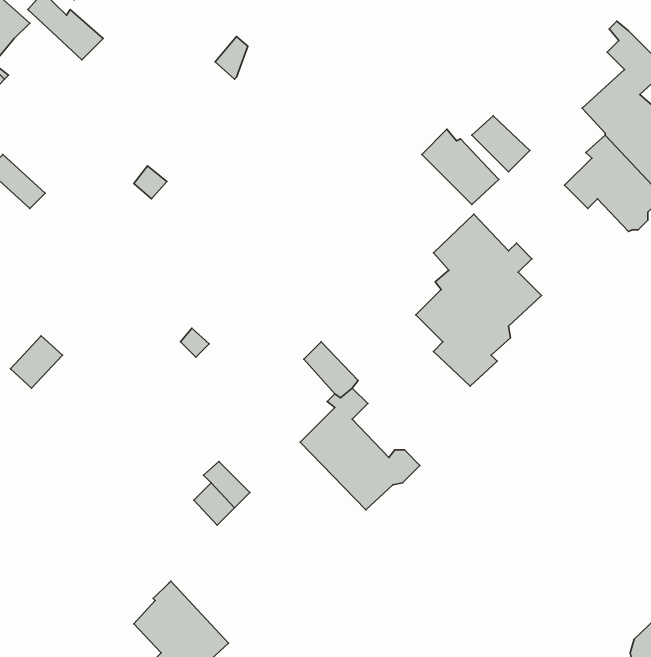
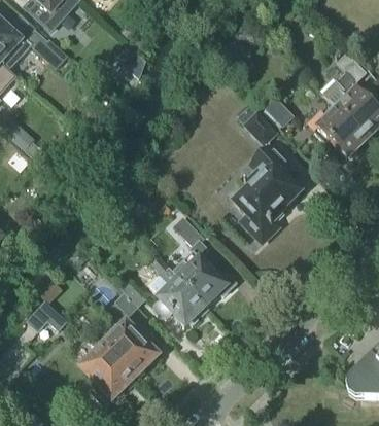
building: none -> [148,254,206,326]
building: none -> [26,300,65,330]
building: none -> [102,319,156,377]

